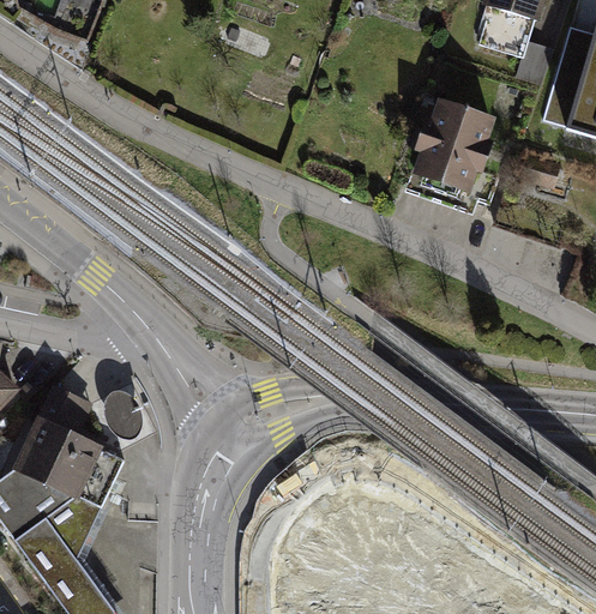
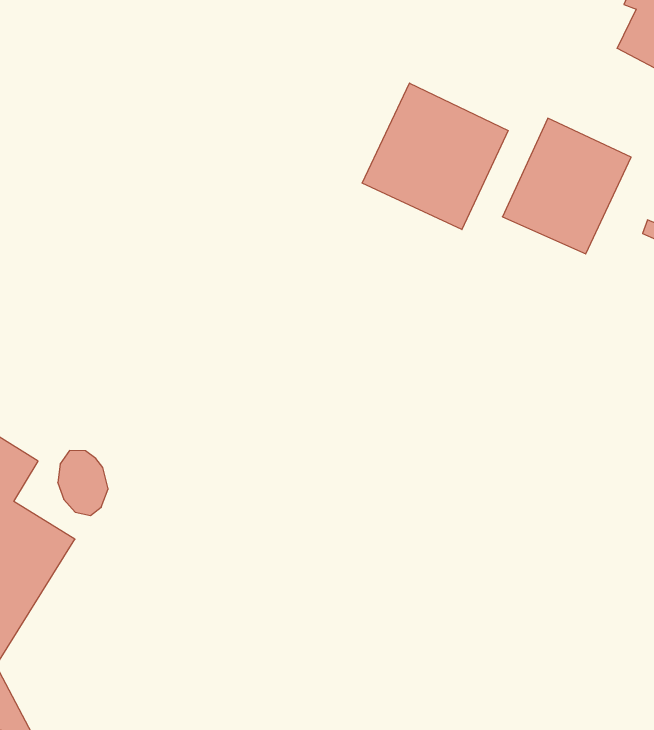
building: none -> [362,83,508,230]

